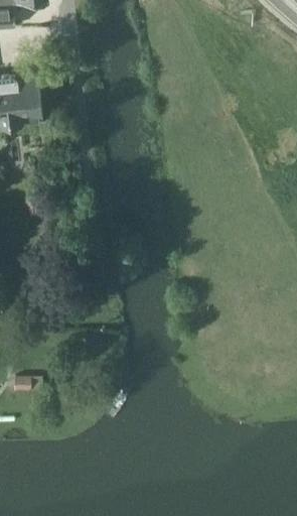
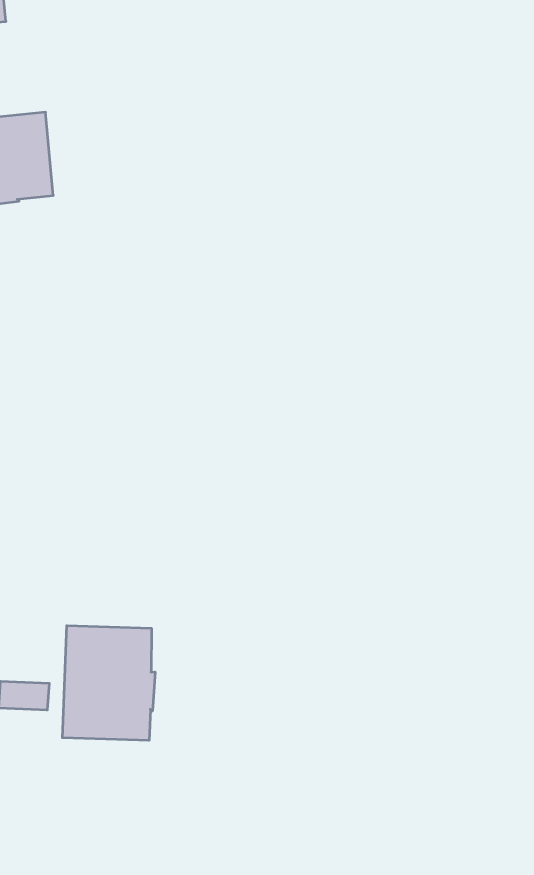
building: none -> [62,626,155,740]

